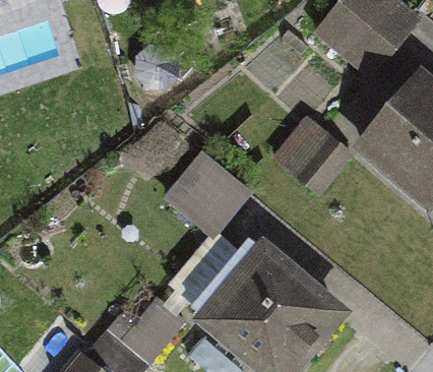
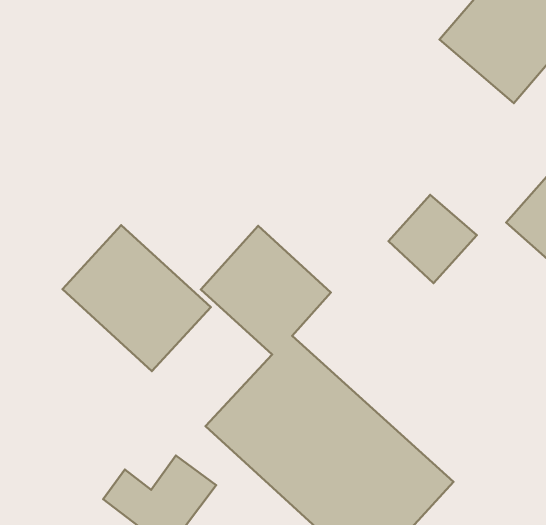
building: none -> [62,225,211,371]

